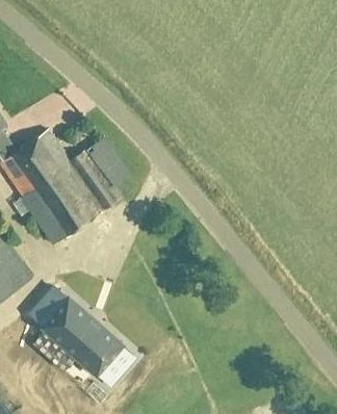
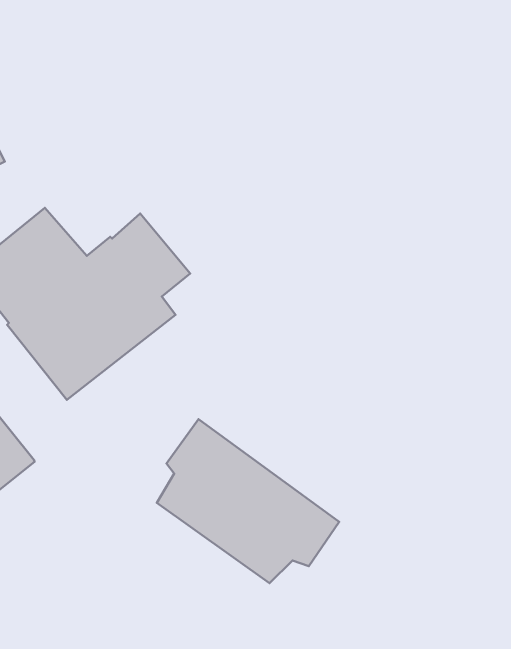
building: [26,290,133,390] -> [157,419,339,583]

